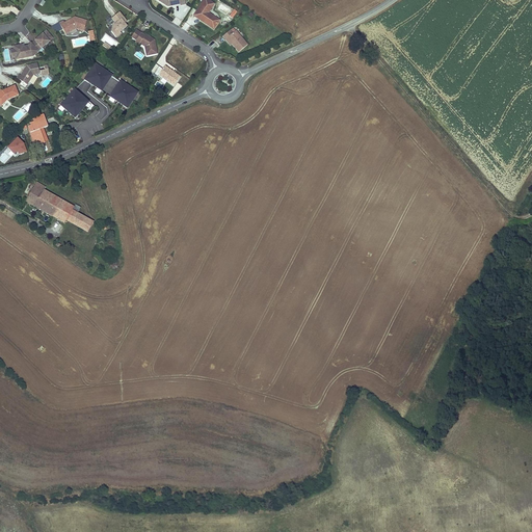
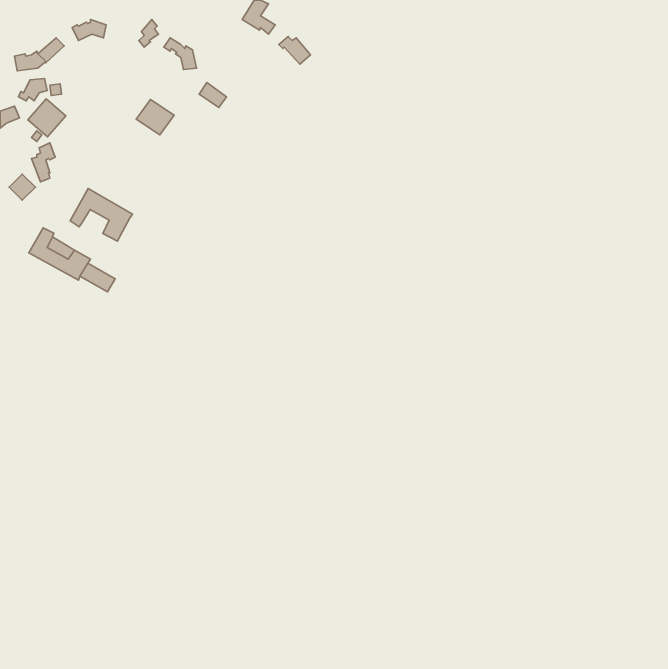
building: [83,61,113,90] -> none
building: [59,87,89,117] -> [28,99,66,137]
building: none -> [70,188,133,241]

